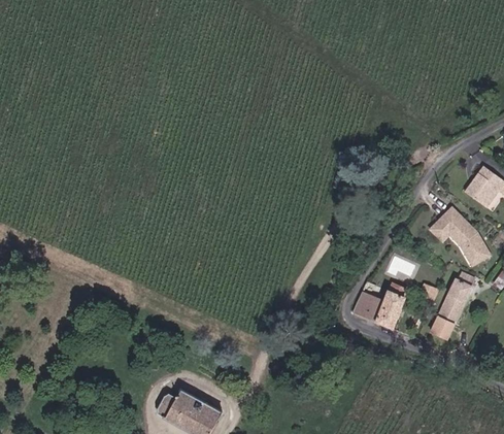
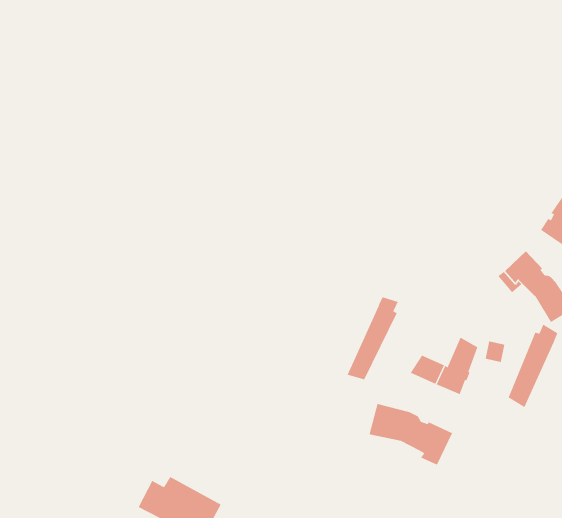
building: none -> [347,296,398,380]
building: none -> [369,403,453,466]

